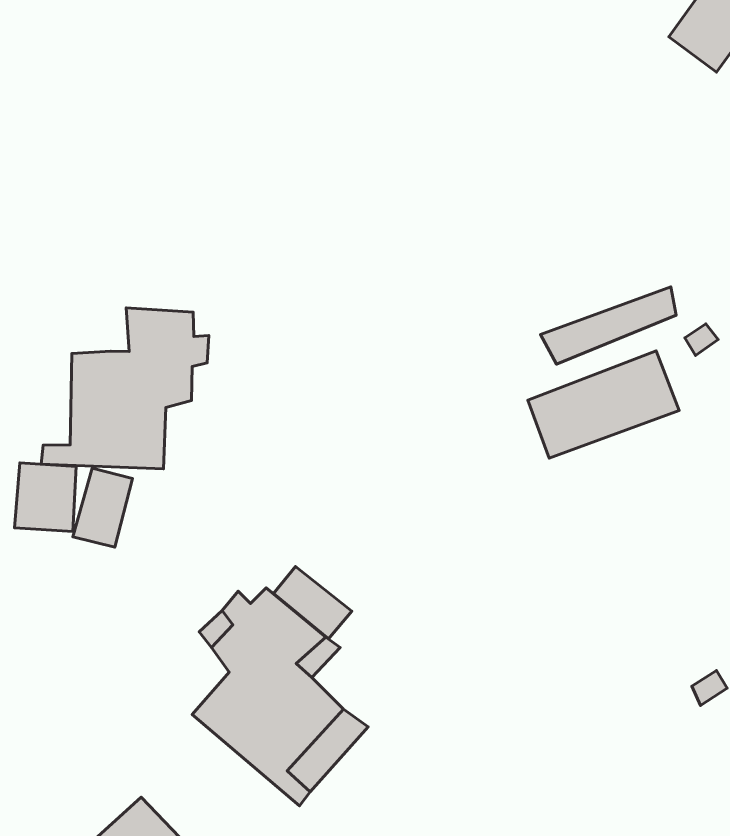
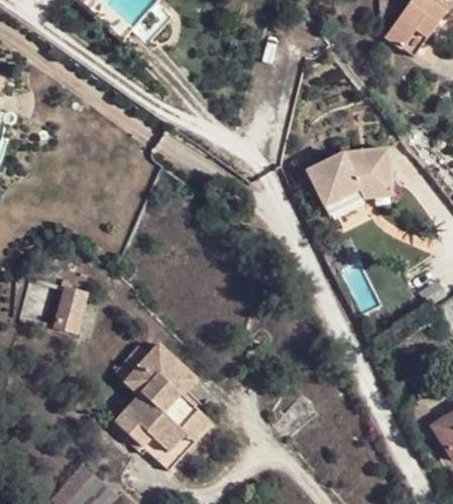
building: [41,308,209,469] -> none
building: [528,351,679,458] -> [307,141,393,203]
building: [273,567,352,639] -> none

